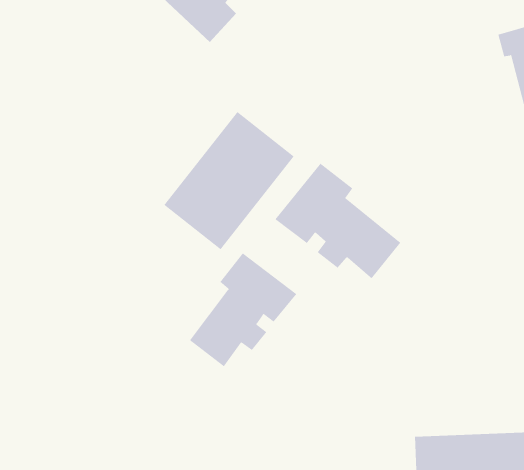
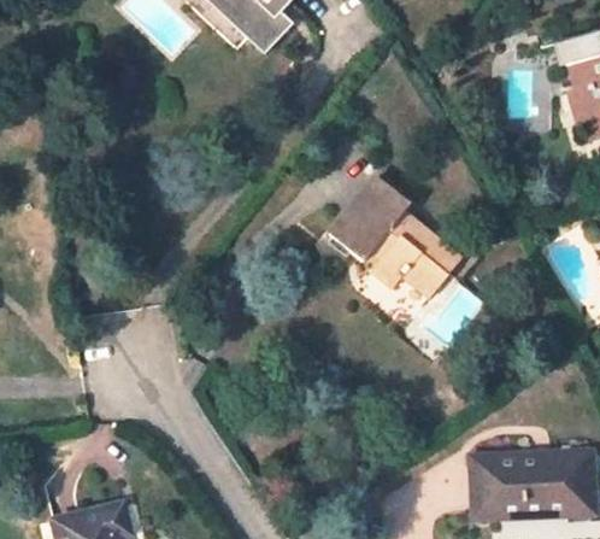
building: [164,111,294,250] -> none
building: [189,253,297,367] -> none

